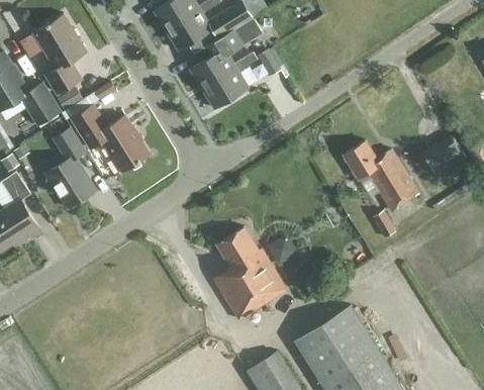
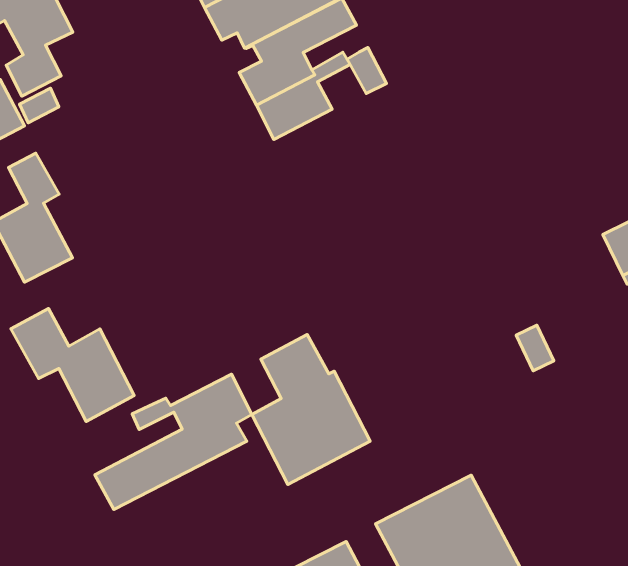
building: [71,105,150,173] -> [11,309,134,422]
building: [343,141,418,211] -> none
building: none -> [95,374,252,509]

